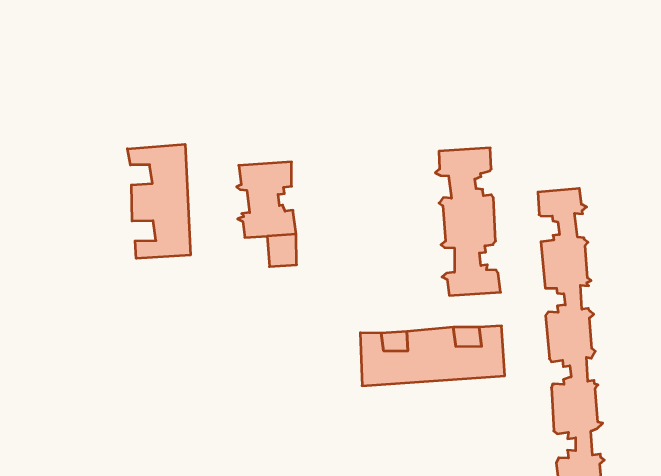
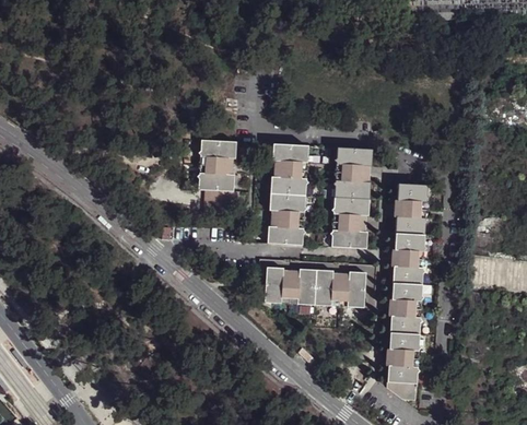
building: [127,144,190,258] -> none
building: none -> [266,145,309,244]

